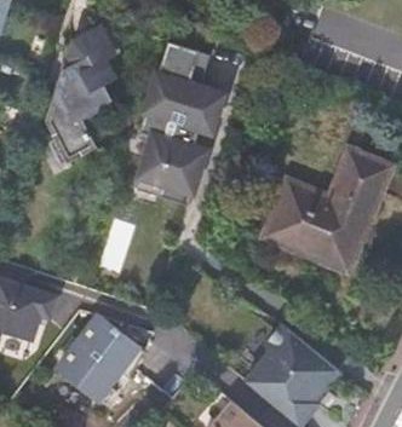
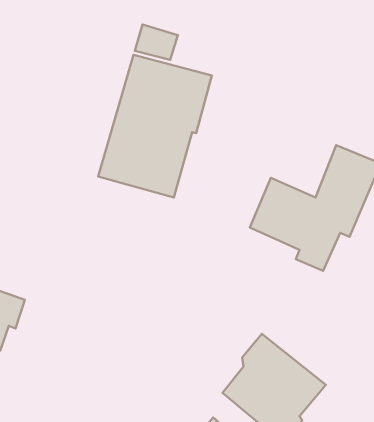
building: [46,34,108,161] -> none
building: [58,312,144,400] -> none

